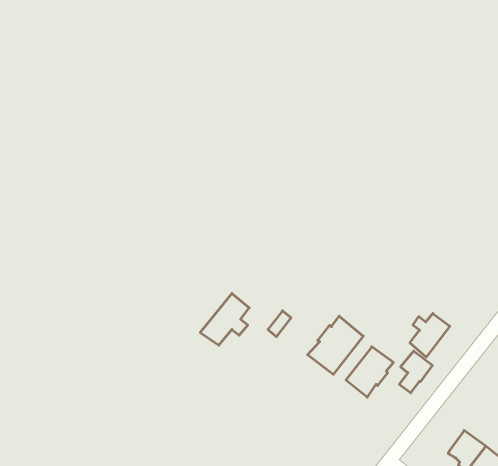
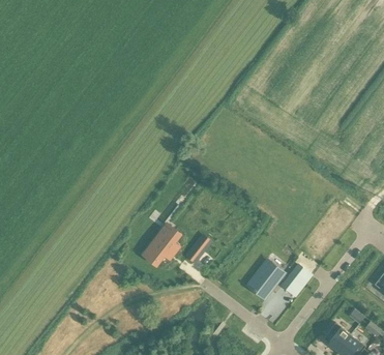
building: [410,313,450,357] -> none
building: [308,316,363,374] -> none

